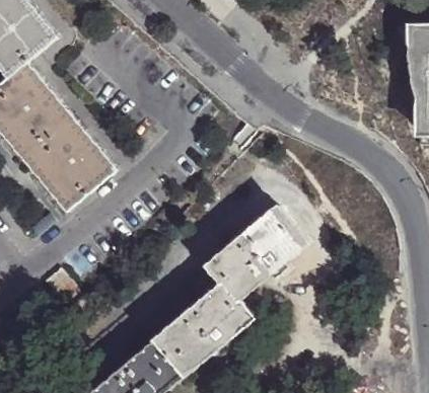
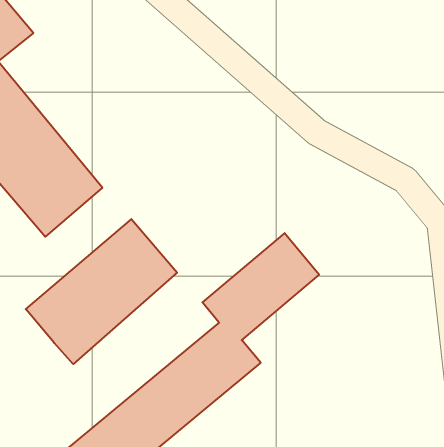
building: none -> [26,219,177,364]

